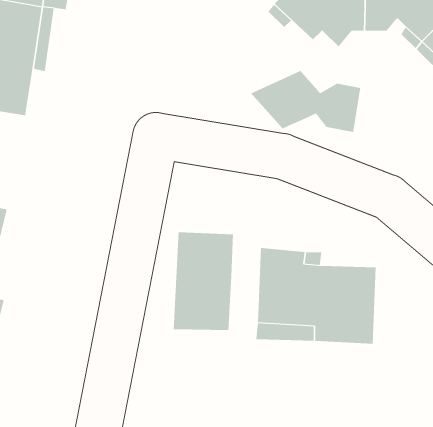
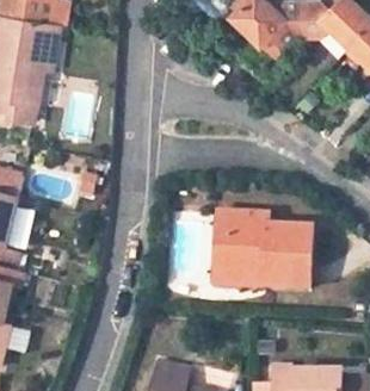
building: [250,70,361,133] -> none
building: [173,232,233,331] -> none

